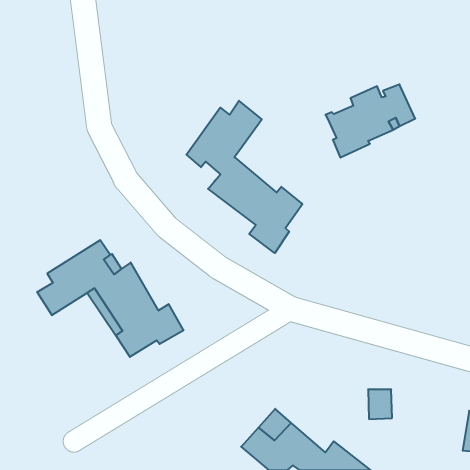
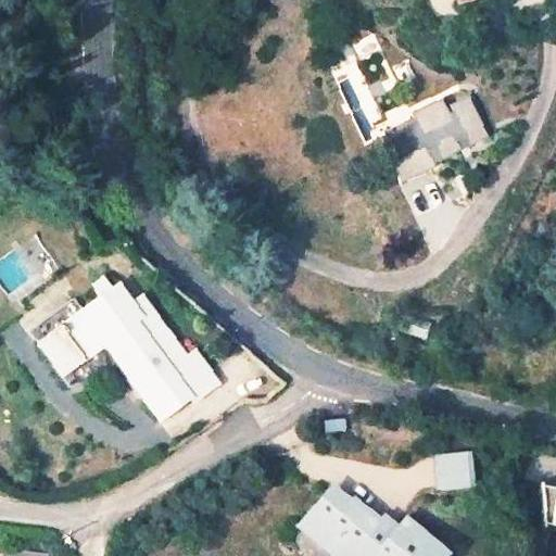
building: [186,101,302,253] -> none

